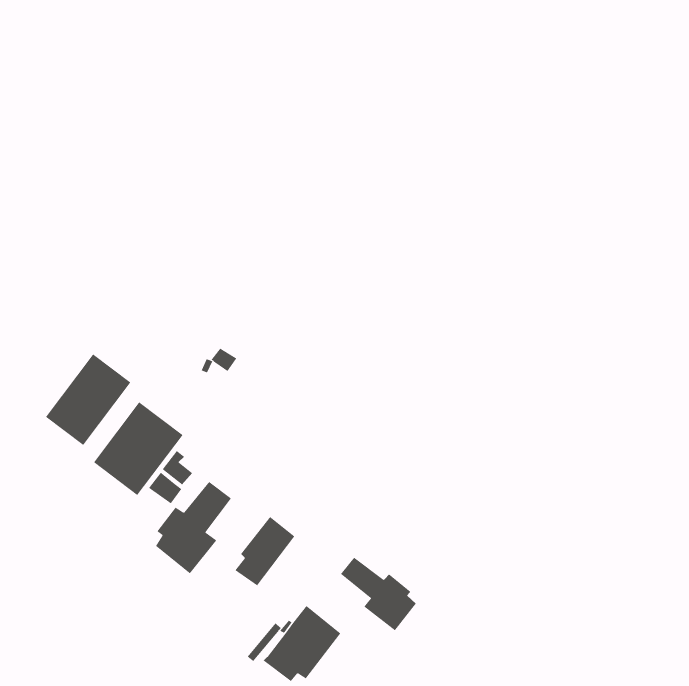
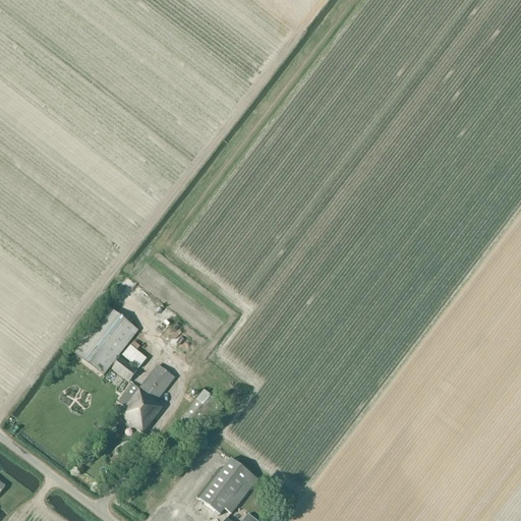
building: [45,354,131,446] -> none
building: [340,557,416,631] -> none

